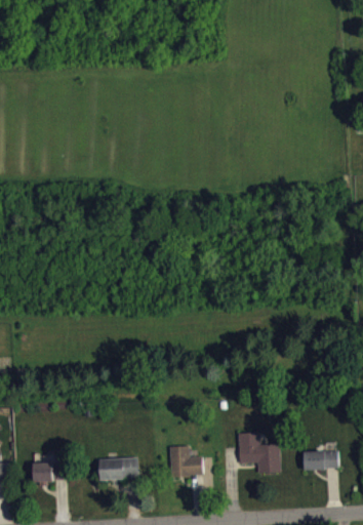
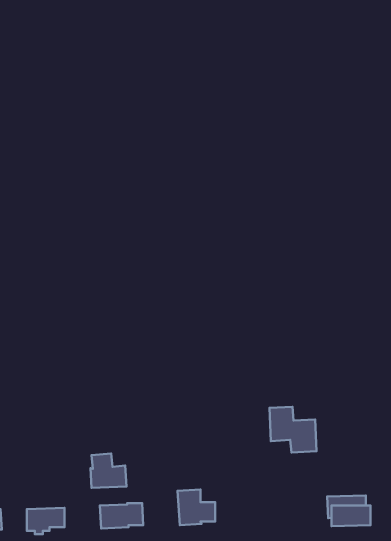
building: none -> [91,453,126,488]
building: [239,432,281,473] -> [270,407,316,452]

